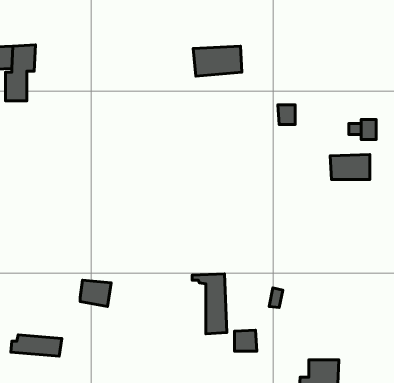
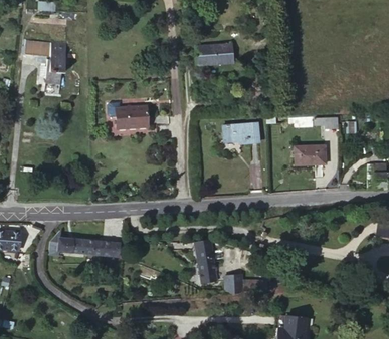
building: none -> [104,109,147,136]
building: none -> [215,128,252,150]
building: [11,335,62,356] -> [62,236,104,253]

